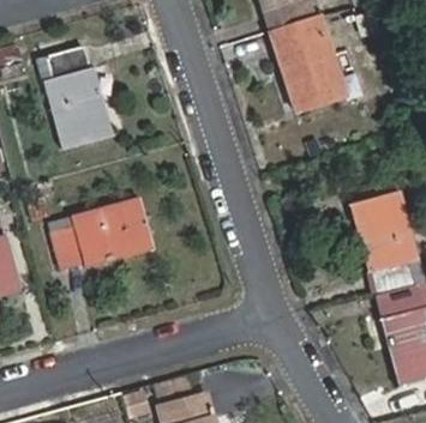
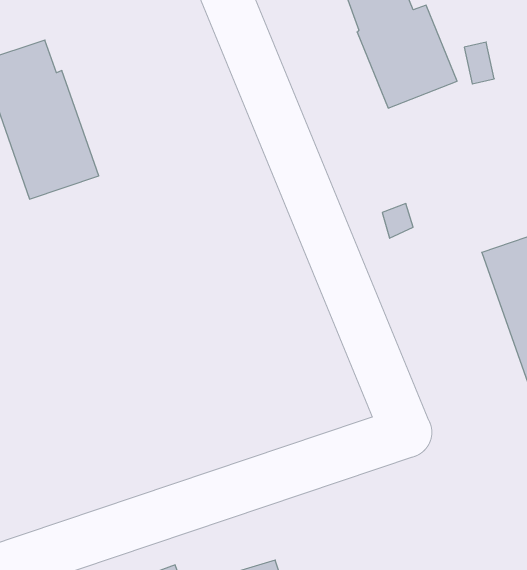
building: [48,198,154,270] -> none

